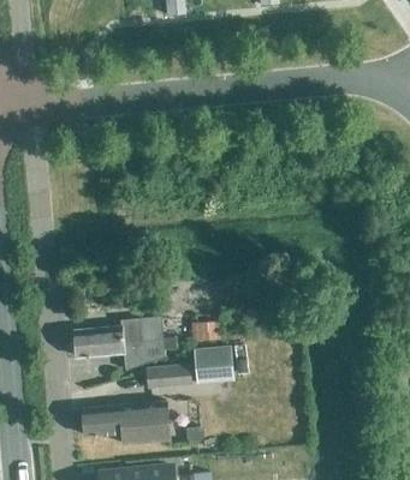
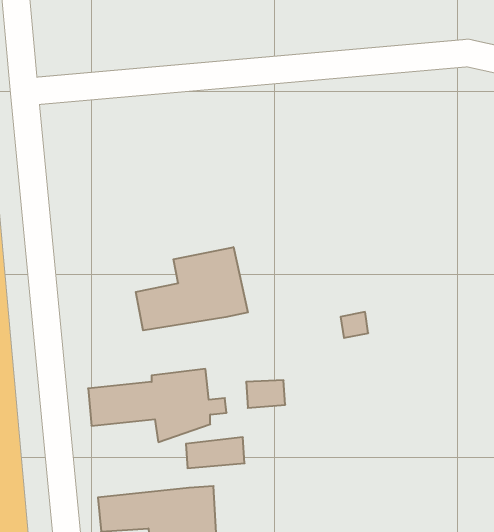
building: none -> [136,247,248,330]
building: [190,349,230,386] -> none

